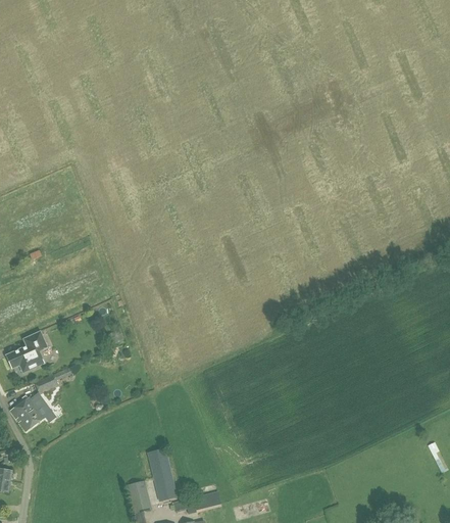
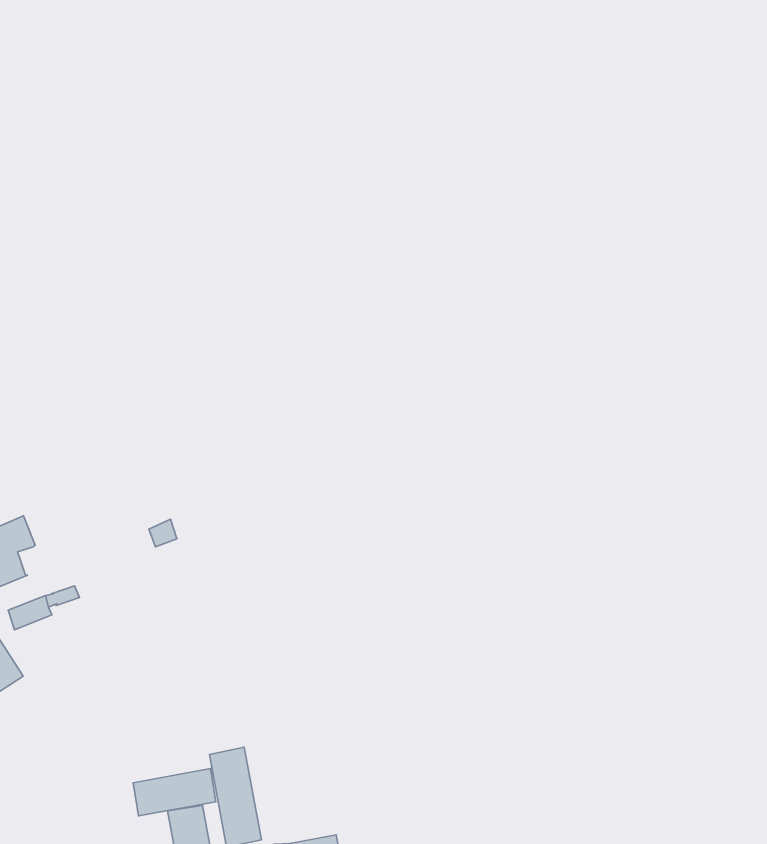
building: none -> [133,768,216,816]

